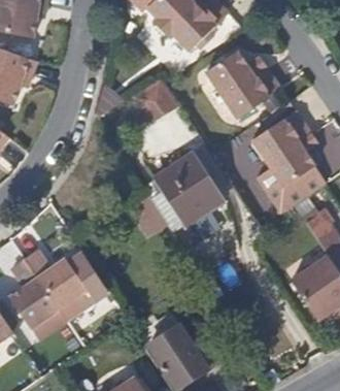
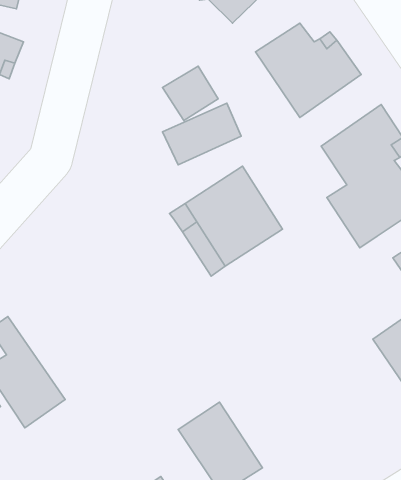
building: [24,251,107,321] -> none

